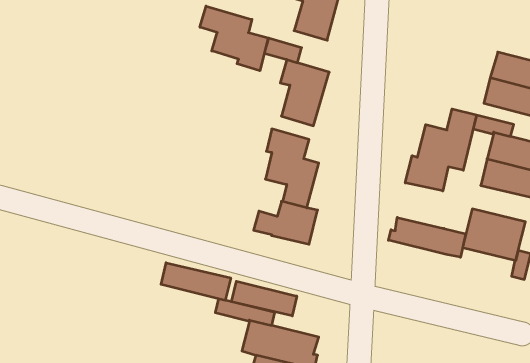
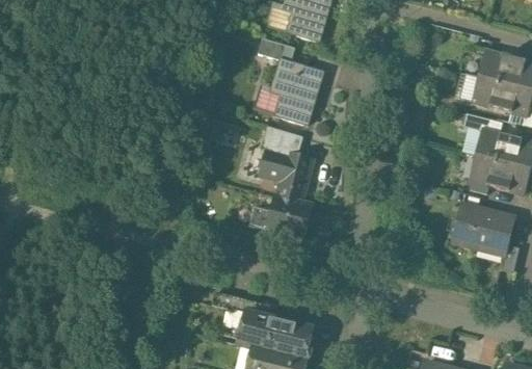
building: [200,6,268,71] -> none
building: [405,109,476,191] -> none
building: [388,217,466,257] -> none
building: [161,263,231,300] -> none
building: [231,281,297,316] -> none

